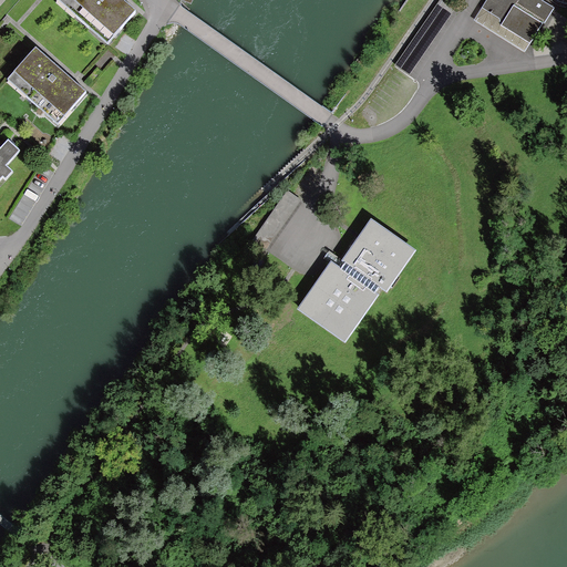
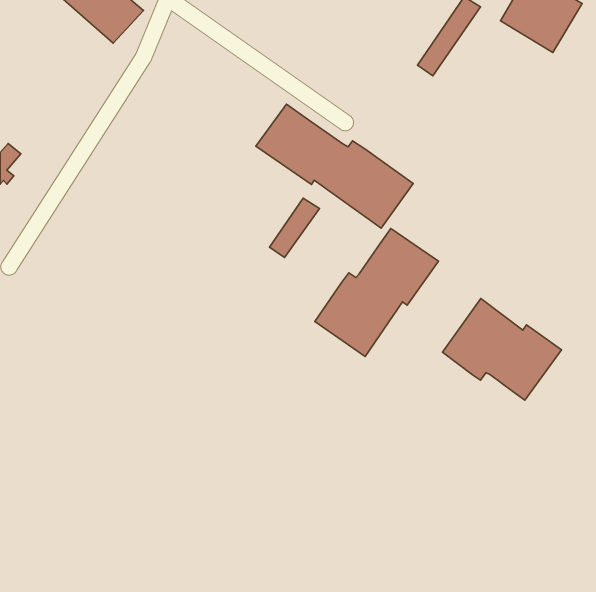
building: [7,45,86,123] -> none
building: none -> [256,104,413,228]
building: none -> [442,299,562,400]

